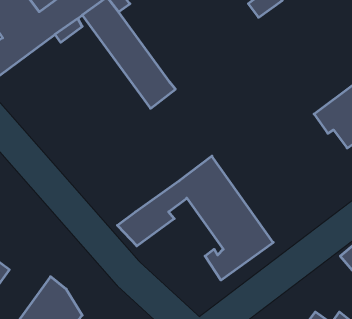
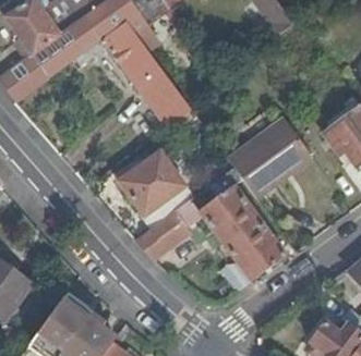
building: none -> [228,116,310,198]
building: none -> [118,149,194,226]

